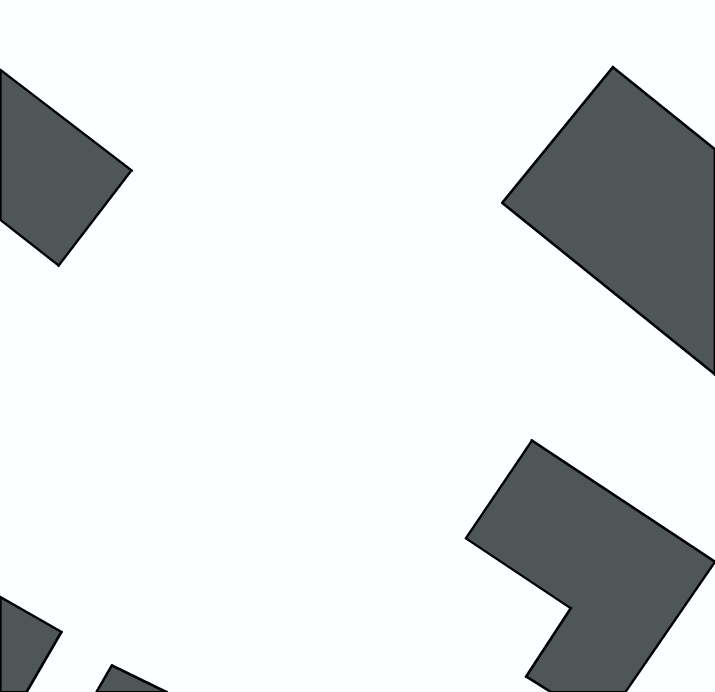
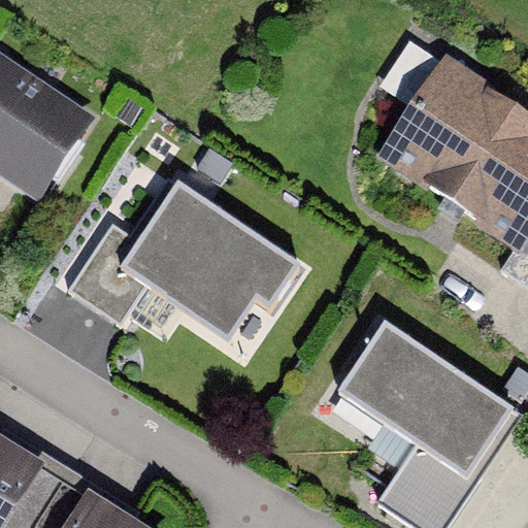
building: none -> [65,188,299,349]

